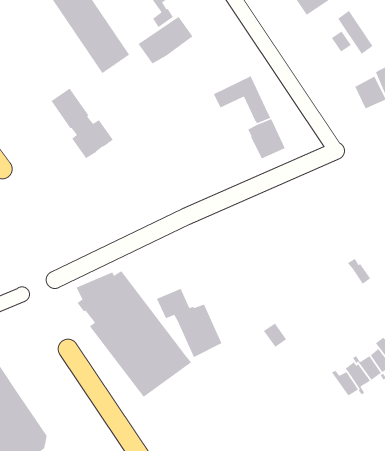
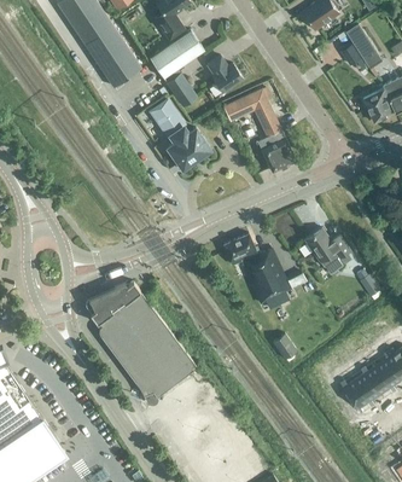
building: none -> [206,58,243,94]
building: none -> [165,74,197,109]
building: [50,87,114,159] -> [147,99,210,170]
building: none -> [304,231,350,275]
building: [156,288,223,358] -> [223,236,290,306]

